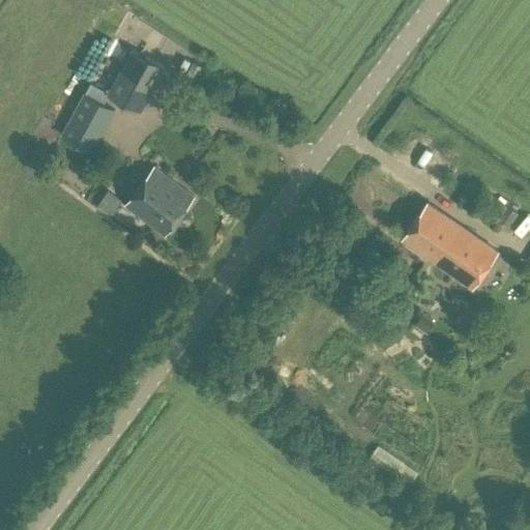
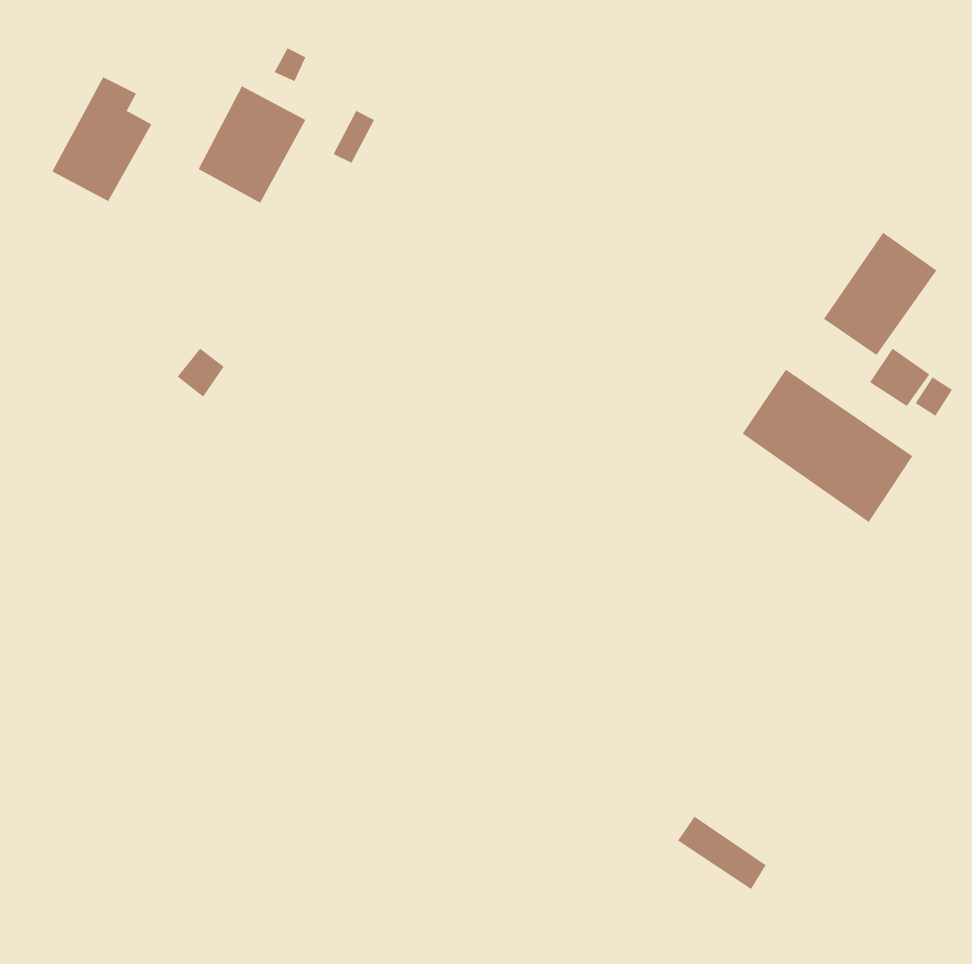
building: [61,87,116,155] -> [51,76,152,202]
building: none -> [823,232,937,356]
building: [125,170,194,237] -> none

